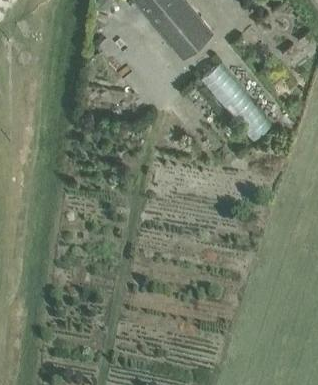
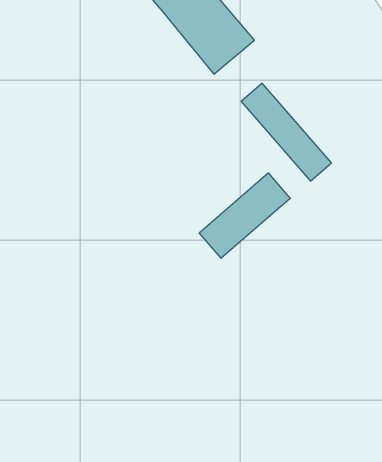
building: none -> [199,173,290,258]

